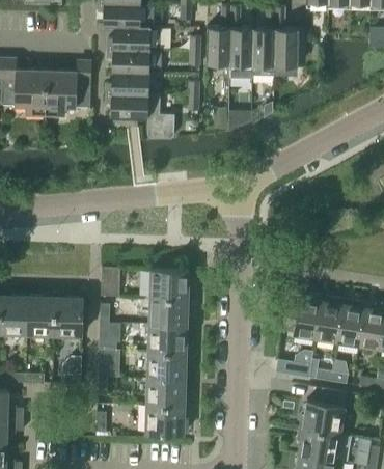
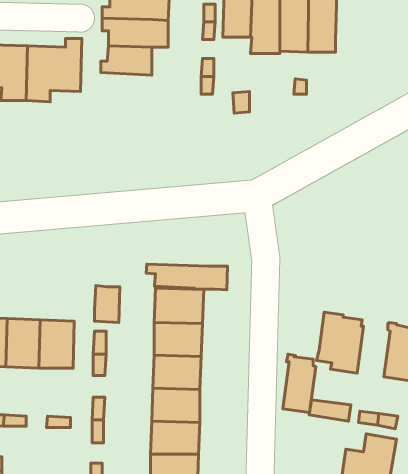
building: [104,93,174,139] -> none
building: none -> [146,264,227,290]
building: [314,295,341,342] -> [283,354,316,412]

